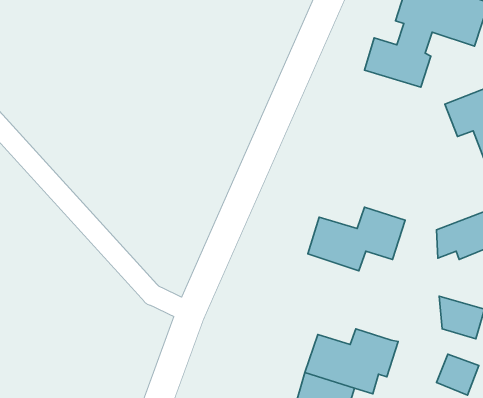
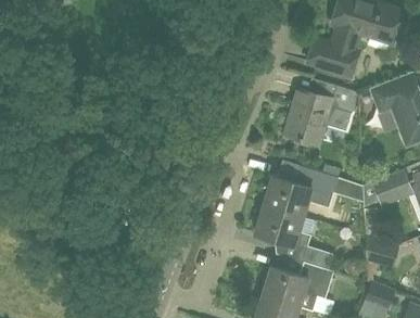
building: none -> [284,85,358,144]
building: none -> [255,203,332,269]

